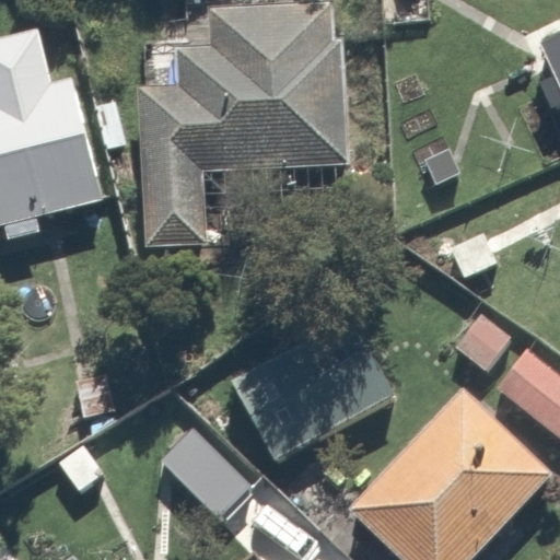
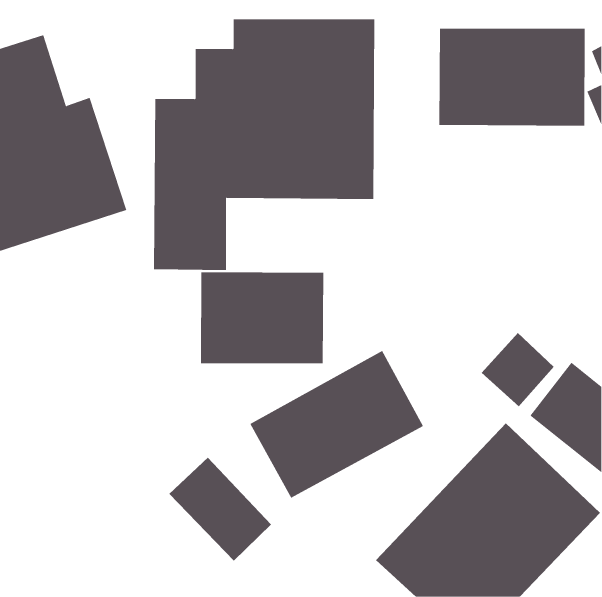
building: none -> [439,28,585,127]
building: none -> [200,271,324,364]

